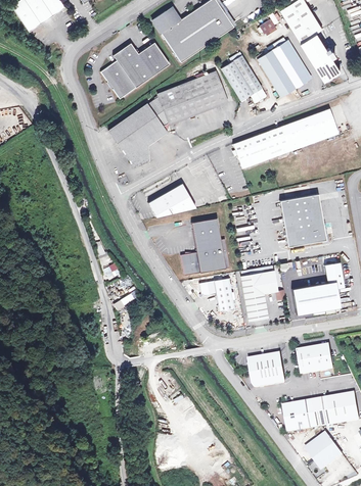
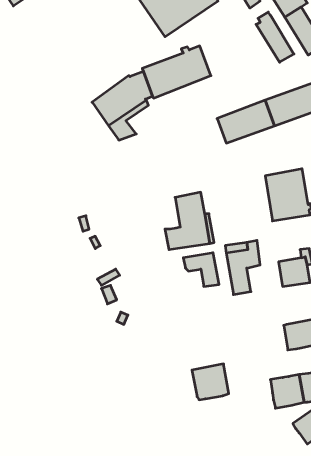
building: [100,42,169,99] -> none
building: [255,50,295,97] -> none
building: [220,53,266,103] -> none
building: [148,184,188,216] -> none
building: [250,353,286,389] -> [192,364,229,400]

